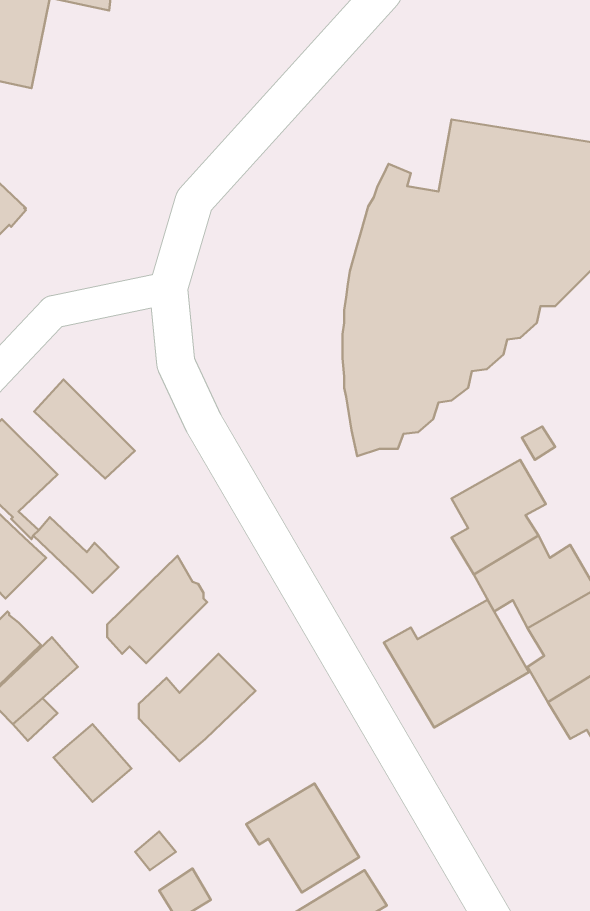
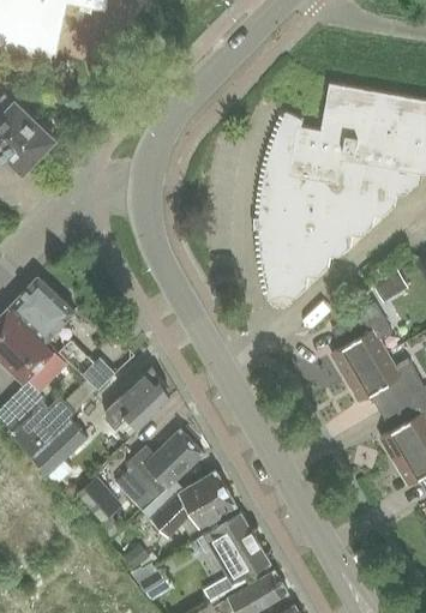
building: [34,380,135,478] -> none
building: [384,600,529,727] -> none
building: none -> [143,469,235,534]

